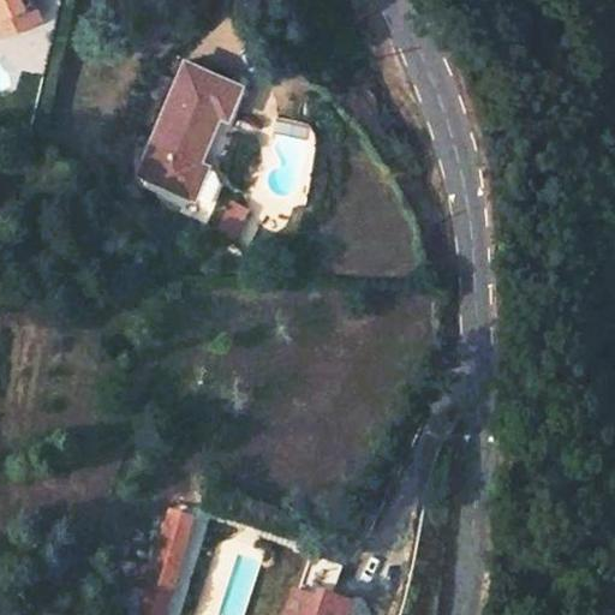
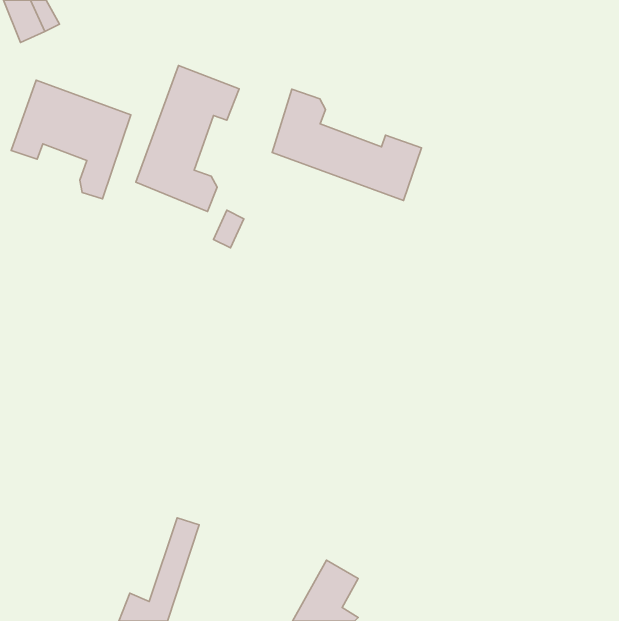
building: none -> [11,80,131,199]
building: none -> [272,89,422,200]

